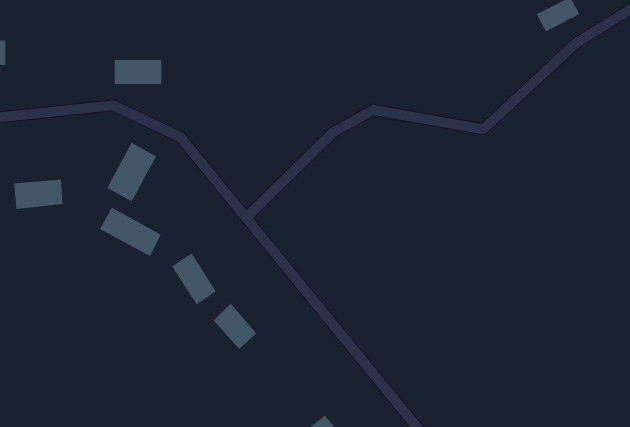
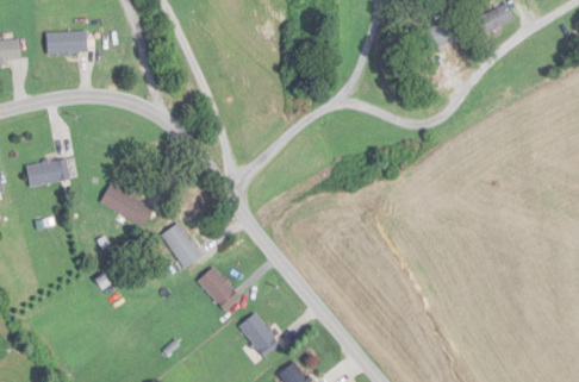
building: [114,59,162,84] -> [46,31,88,52]
building: [106,142,157,202] -> none
building: none -> [238,312,281,364]

